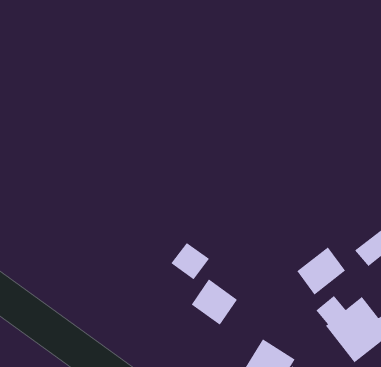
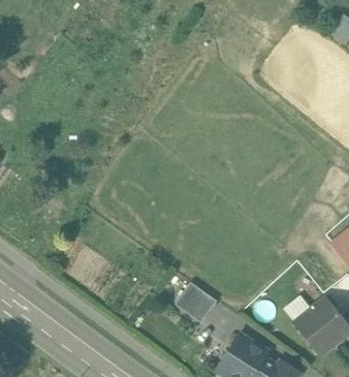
building: [171,242,210,280] -> none
building: [296,246,346,295] -> none

